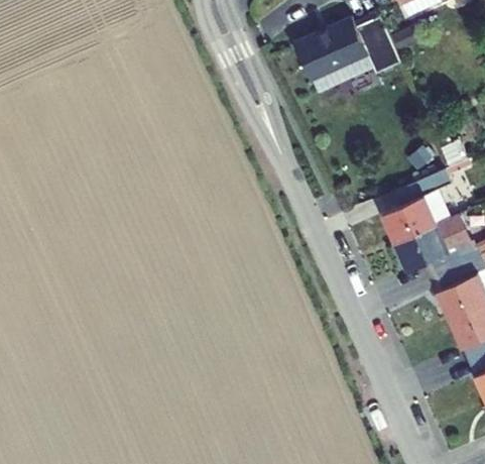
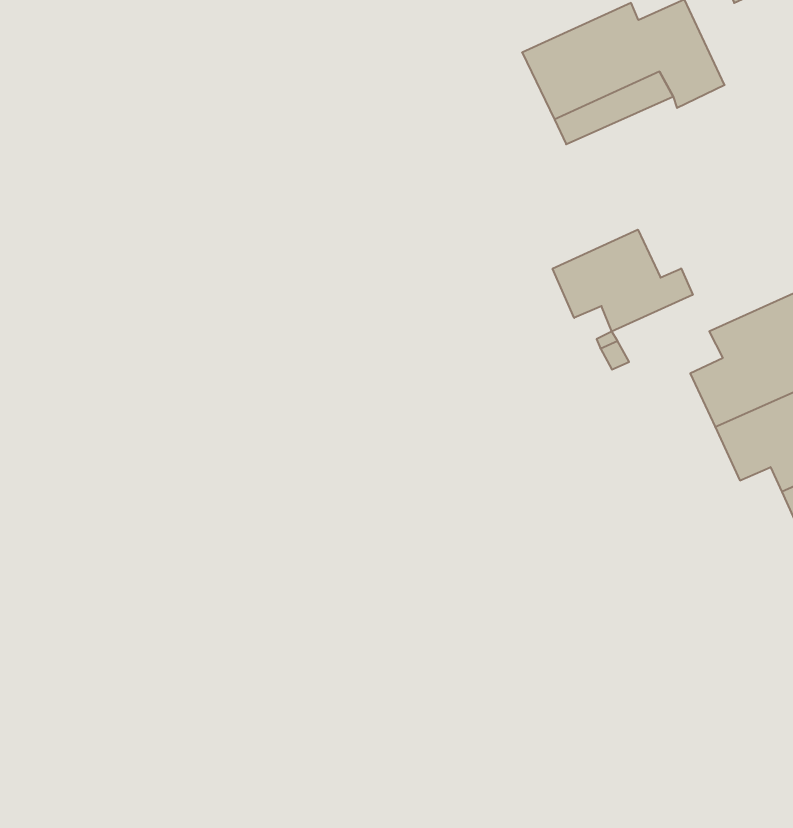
building: none -> [553,230,693,331]

